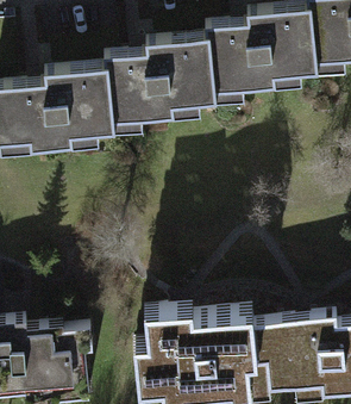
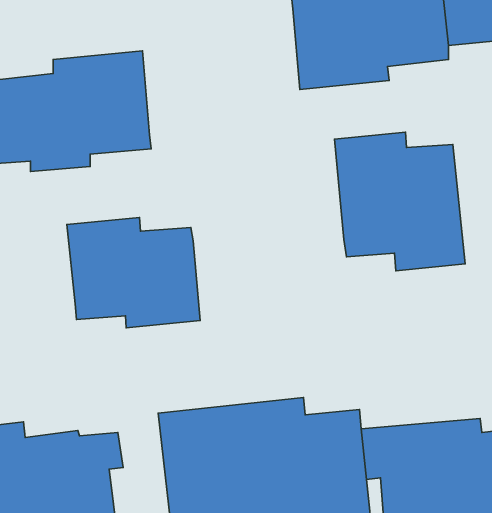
building: [106,38,215,124] -> none
building: none -> [335,132,465,271]
building: none -> [67,217,200,328]

